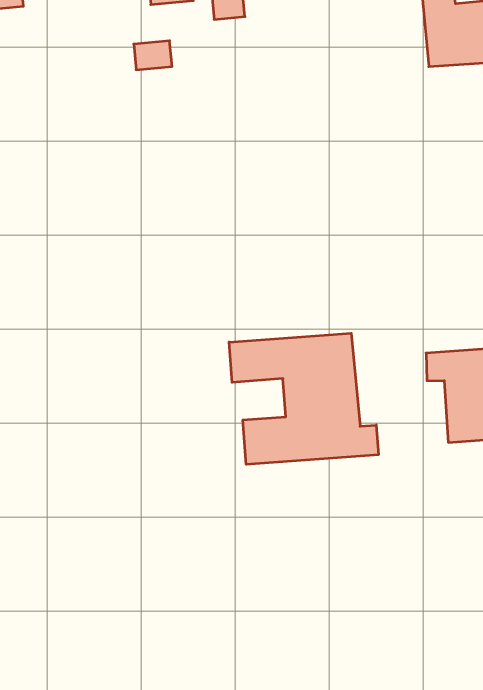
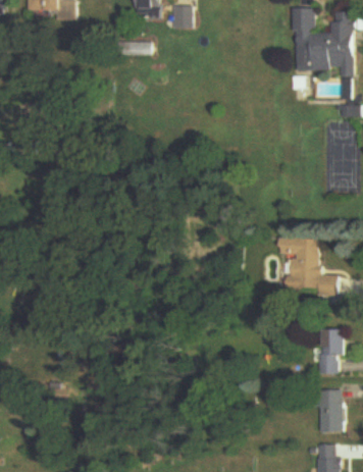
building: [229,333,378,464] -> none

